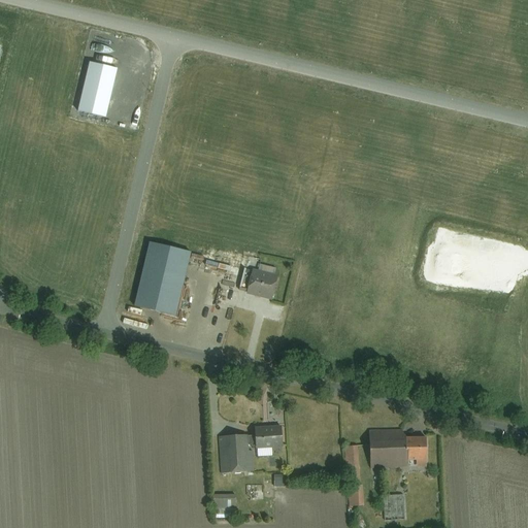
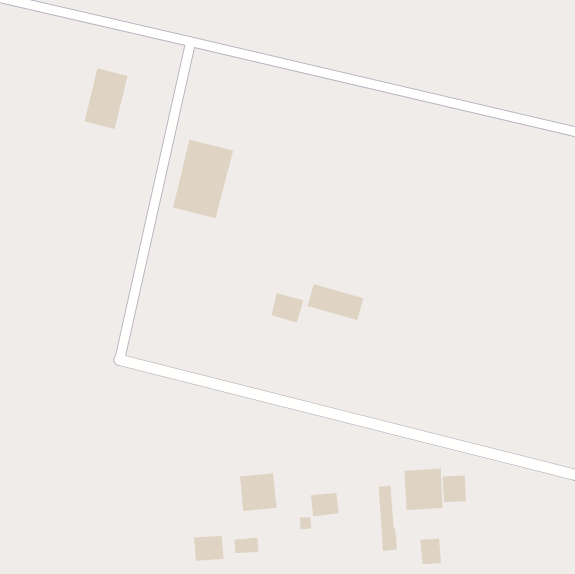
building: [132,241,189,315] -> [172,139,234,219]
building: none -> [307,283,364,321]
building: [256,424,283,447] -> [310,492,339,517]
building: none -> [193,535,224,562]

